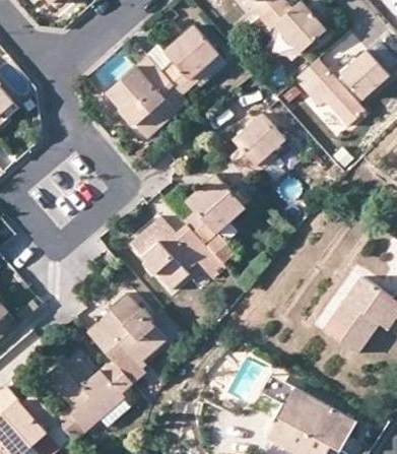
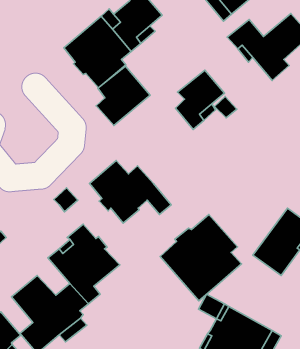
building: [187,177,249,245] -> [96,66,150,125]
building: none -> [160,215,241,301]

